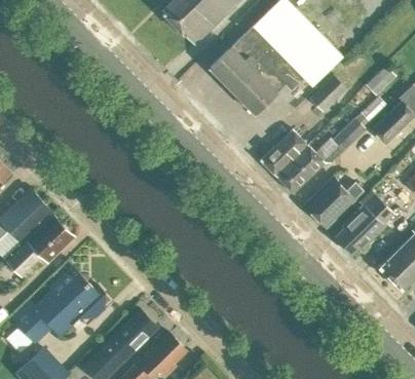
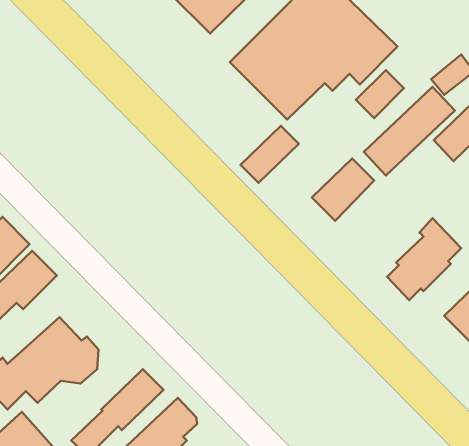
building: [261,130,307,176] -> [240,126,299,183]
building: [304,179,364,227] -> none

